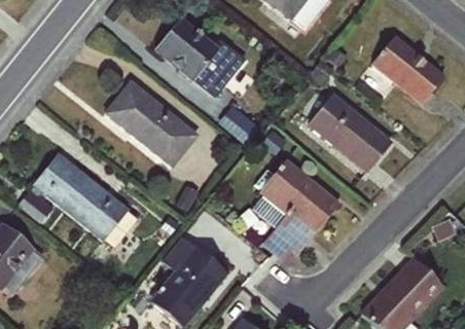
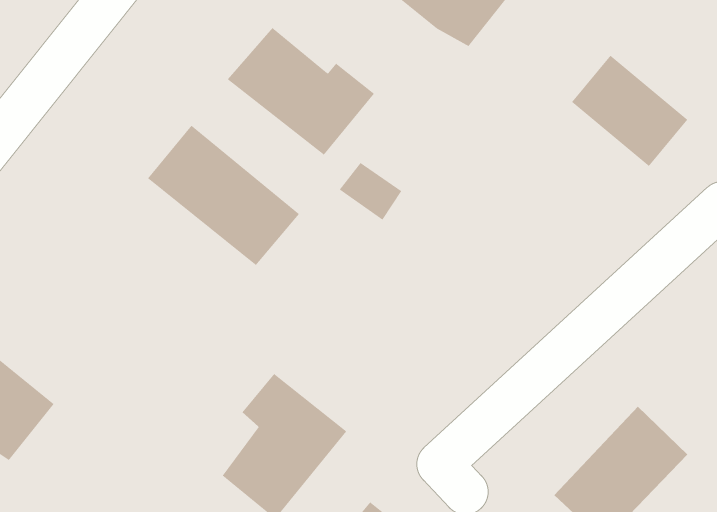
building: [307,94,392,174] -> none
building: [16,152,138,249] -> none
building: [251,158,341,255] -> none

